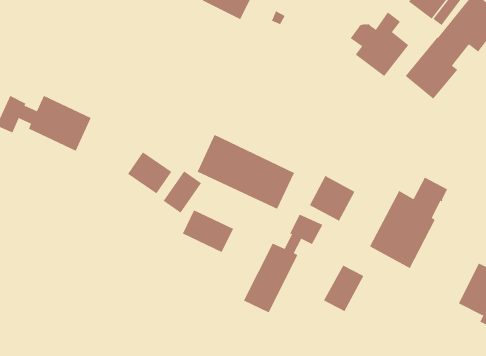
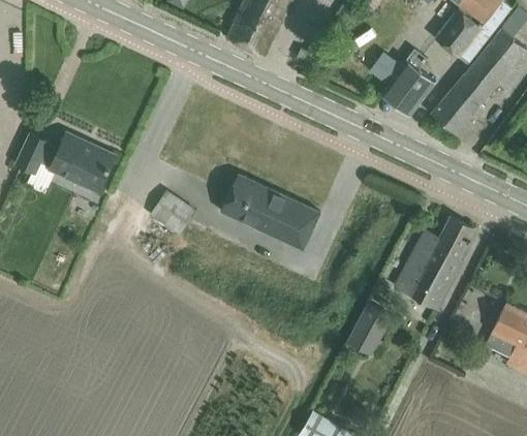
building: [163,170,202,214] -> none
building: [309,175,355,222] -> none
building: [182,210,234,253] -> none
building: [243,214,323,313] -> none

